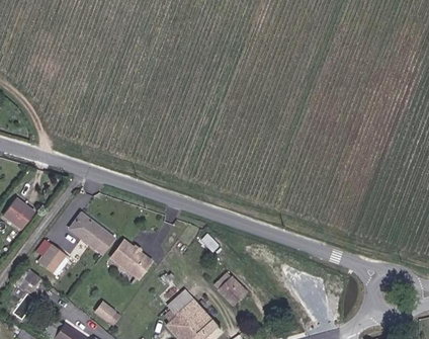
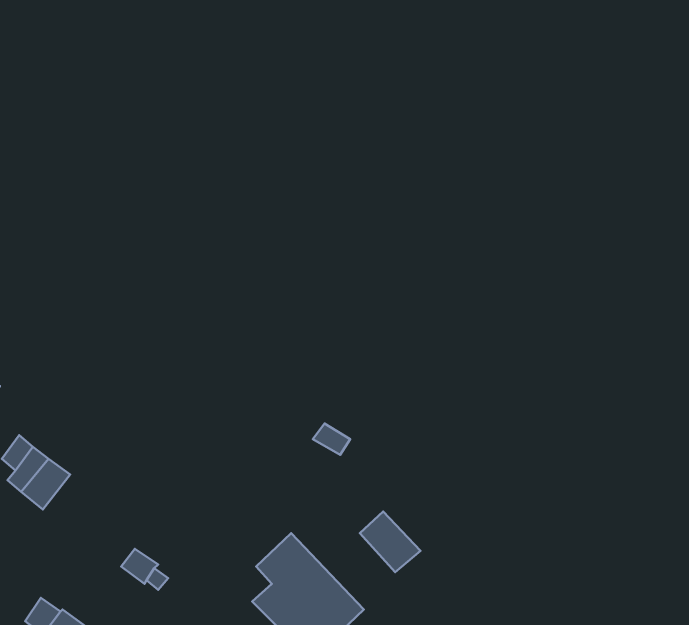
building: [71,214,114,254] -> none
building: [111,239,152,276] -> none

